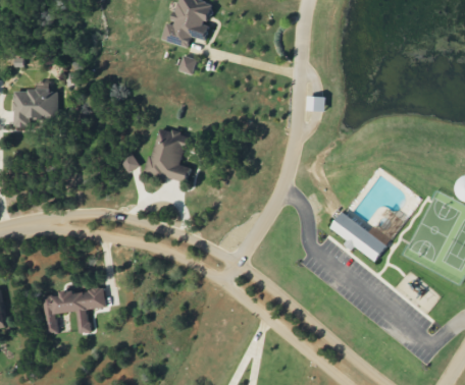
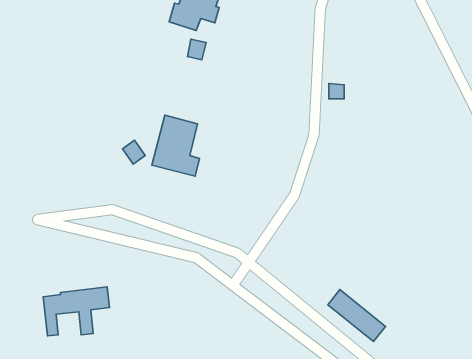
building: [13,81,58,126] -> none
building: [333,213,387,262] -> [328,289,386,342]

